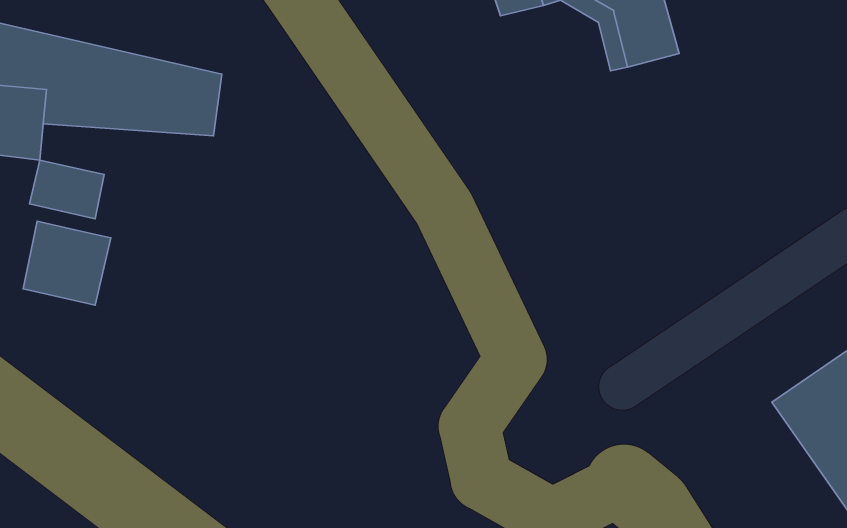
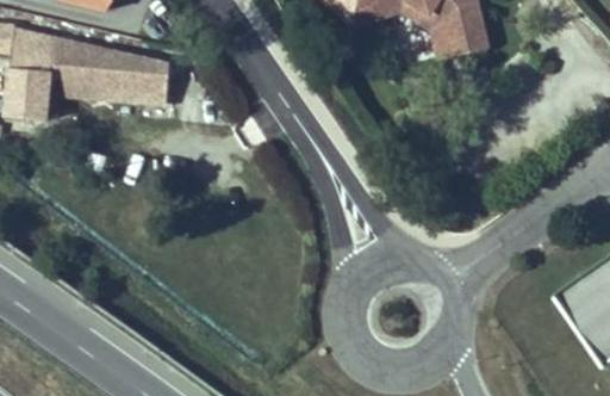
building: [29,160,104,219] -> none
building: [23,221,111,305] -> none

